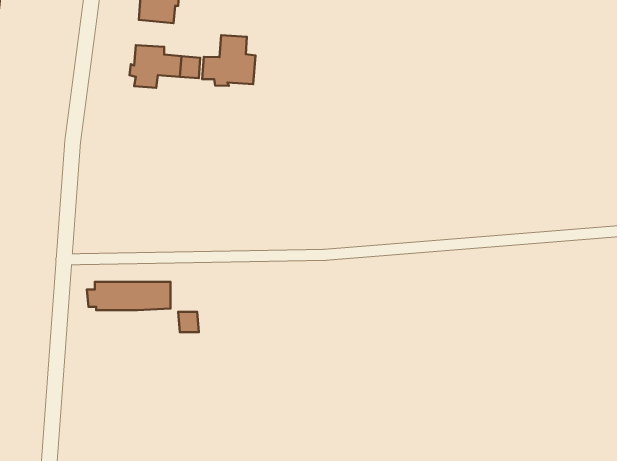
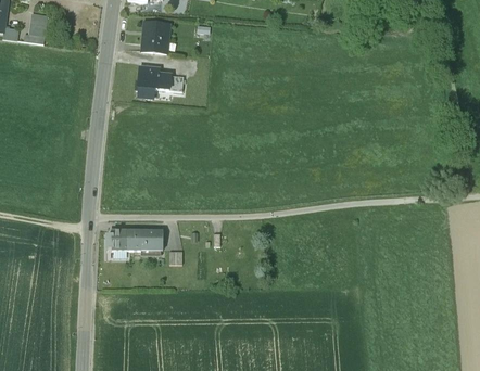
building: [202,35,256,86] -> none

